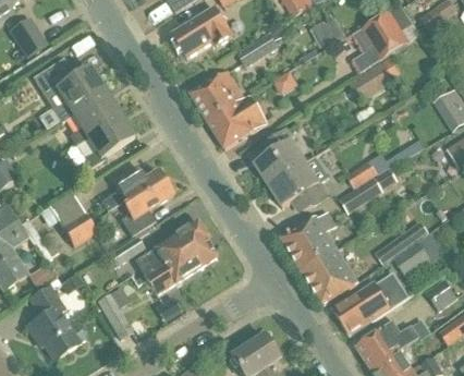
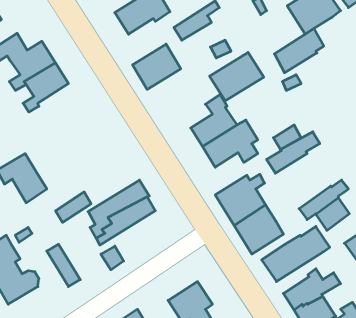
building: [207,95,267,148] -> [210,52,264,101]
building: [84,114,134,169] -> none
building: [100,162,173,235] -> none

